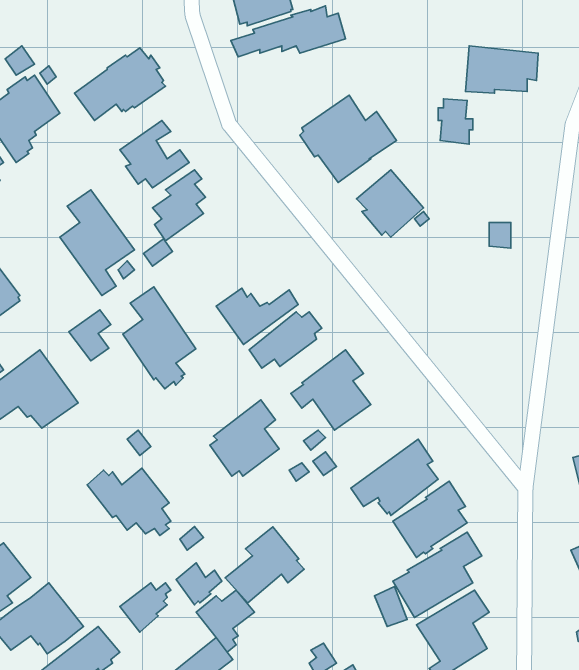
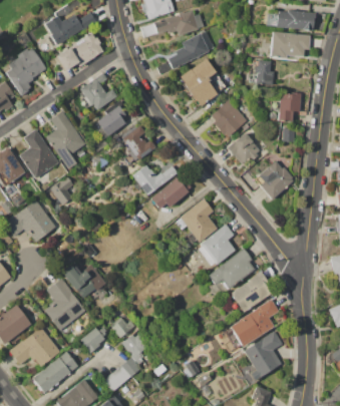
building: none -> [266,10,316,31]
building: none -> [43,12,96,45]
building: none -> [167,31,215,70]
building: none -> [270,93,301,121]
building: none -> [122,125,156,160]
building: none -> [227,132,259,163]
building: none -> [258,160,294,199]
building: [123,287,196,389] -> [19,128,59,184]
building: [210,400,279,476] -> [198,224,236,266]
building: none -> [44,278,85,331]
building: [225,527,304,603] -> none

